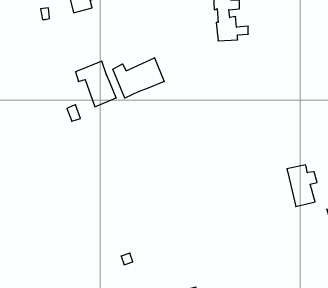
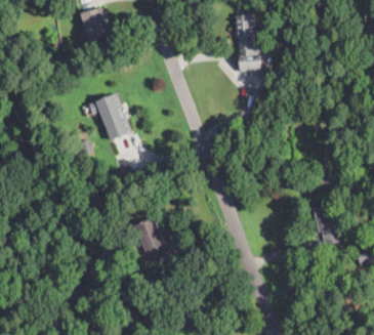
building: [113,58,164,98] -> none
building: none -> [135,217,167,258]

